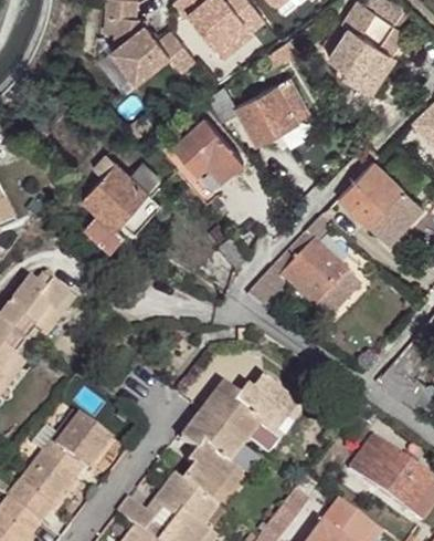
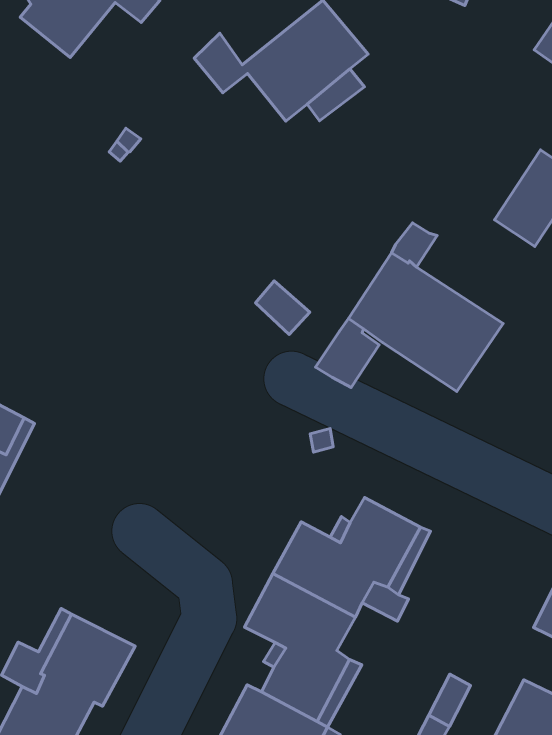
building: [172,116,245,194] -> none
building: [82,153,160,250] -> none
building: [338,160,402,225] -> none

